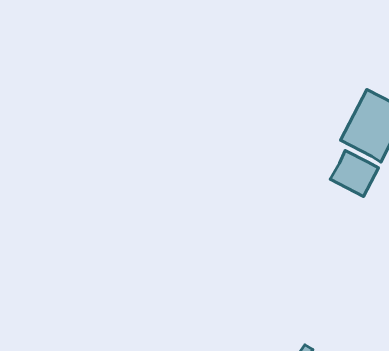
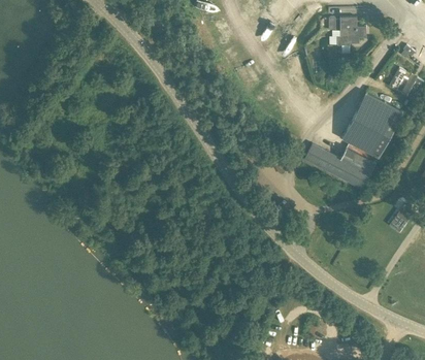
building: none -> [337,19,367,46]
building: none -> [305,145,341,174]

